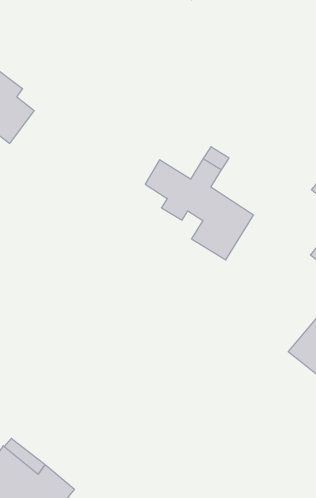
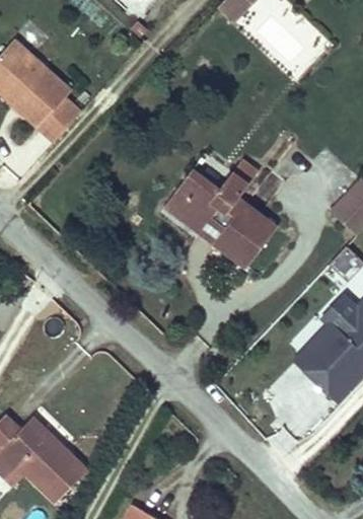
building: none -> [166,192,229,246]

